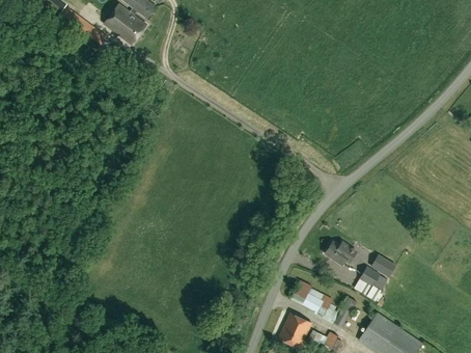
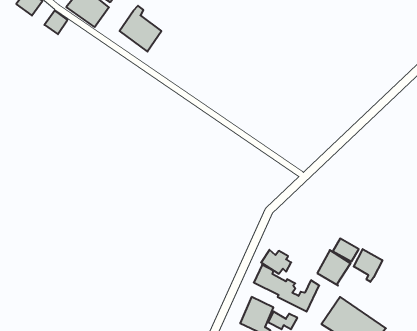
building: none -> [120,6,161,52]
building: [324,241,354,265] -> [261,250,291,274]
building: none -> [354,249,382,282]

